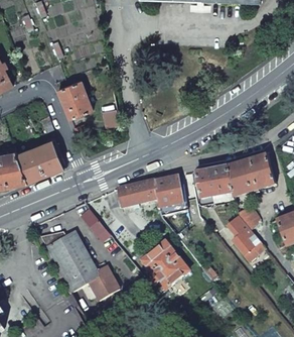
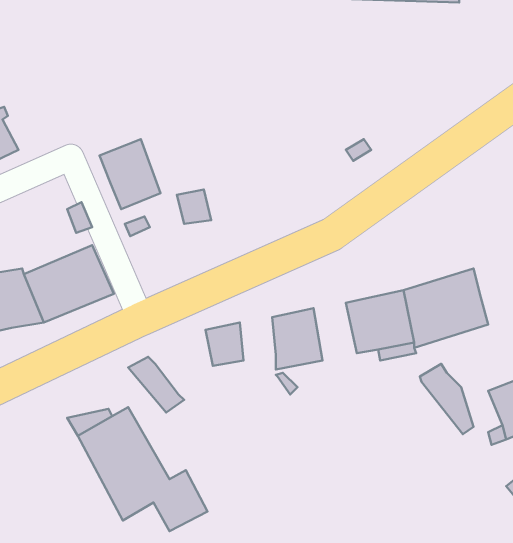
building: [137,180,157,204] -> none
building: [227,216,264,261] -> none
building: [140,240,190,291] -> none

